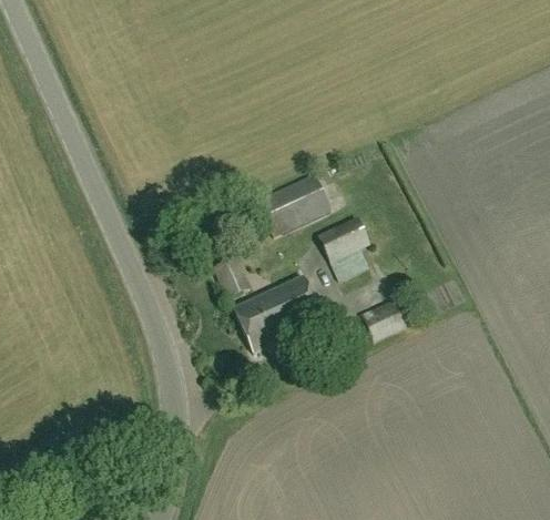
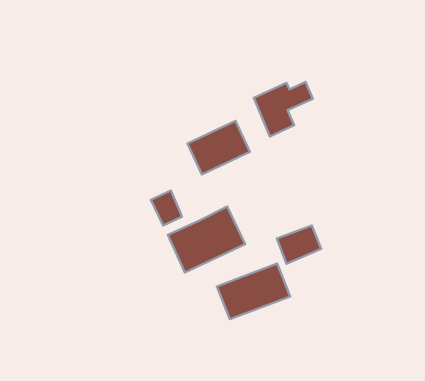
building: [318,216,388,281] -> [254,82,313,137]
building: none -> [217,263,290,319]

